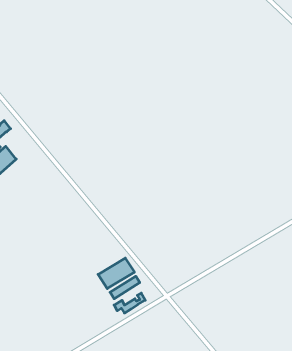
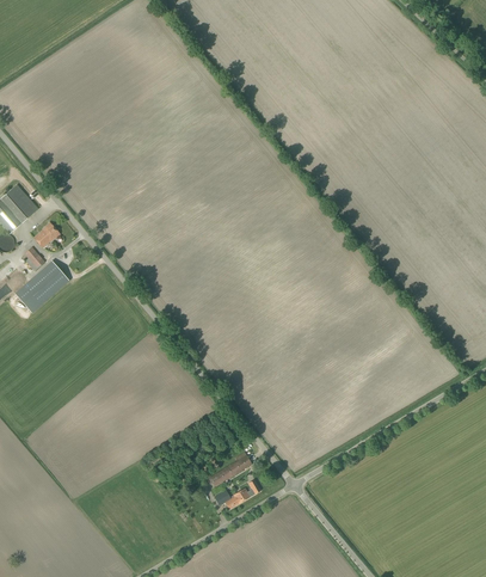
building: [98,258,134,289] -> none

